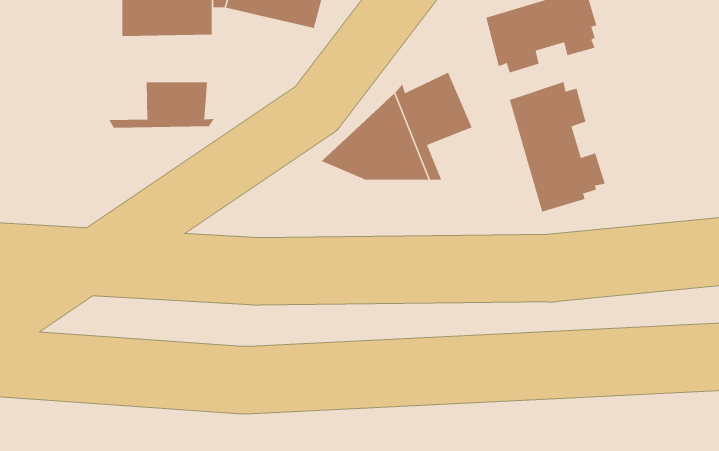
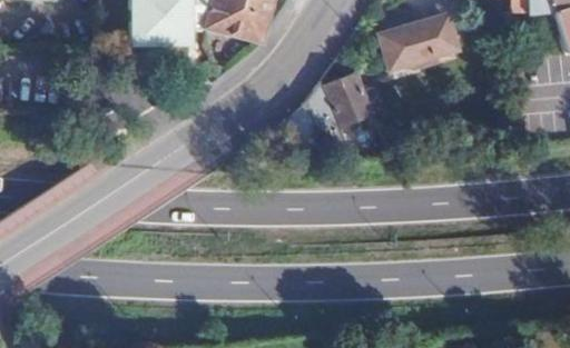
building: [509,81,605,213] -> none
building: [109,82,215,129] -> none

